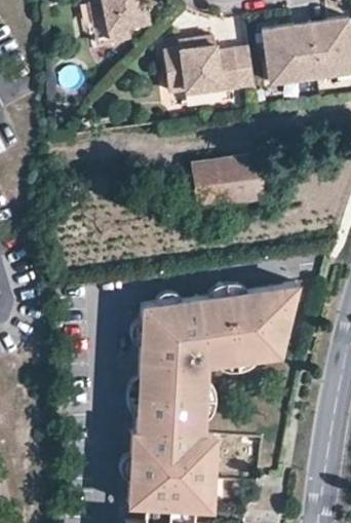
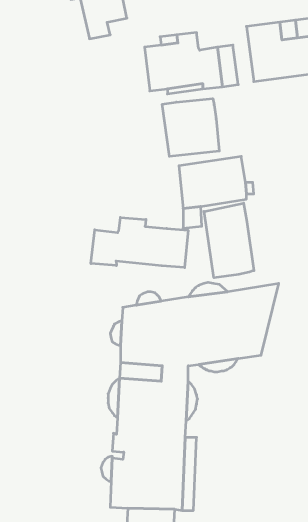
building: none -> [162,99,219,156]
building: none -> [204,203,254,278]
building: none -> [91,217,188,268]

